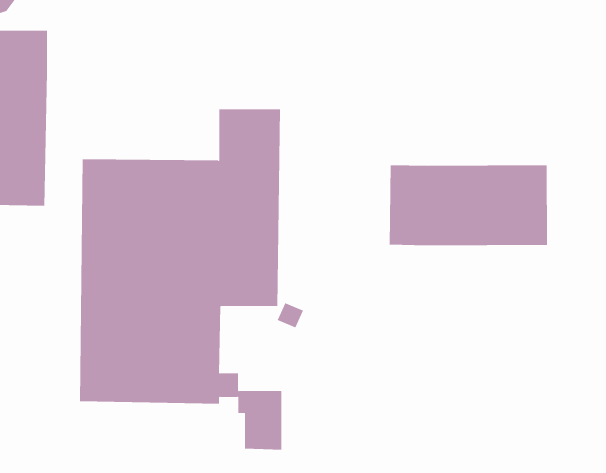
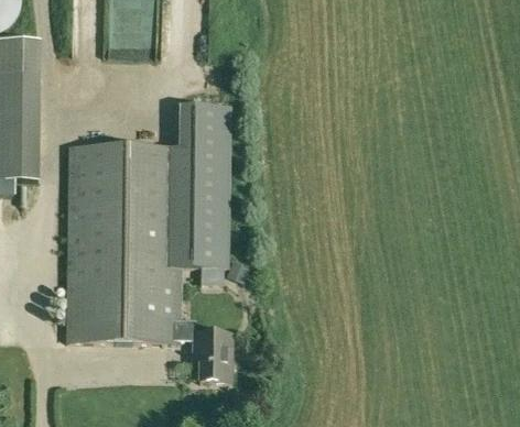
building: [389,164,548,246] -> none

